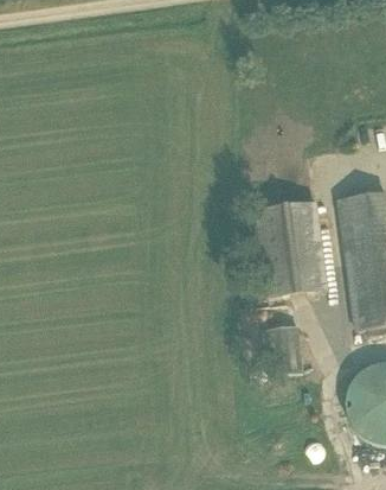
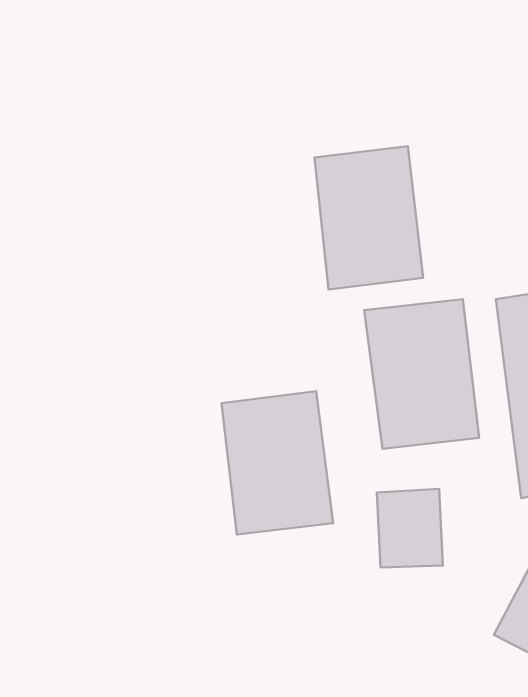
building: none -> [314,146,423,290]
building: none -> [221,391,333,535]

